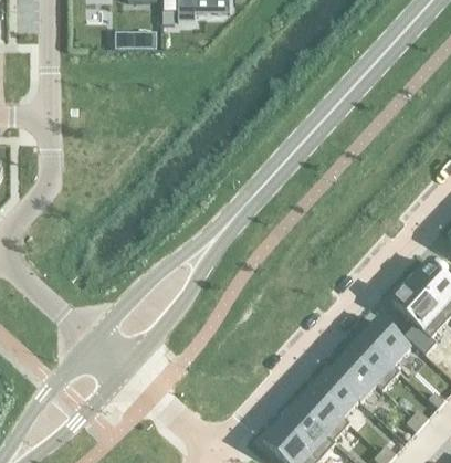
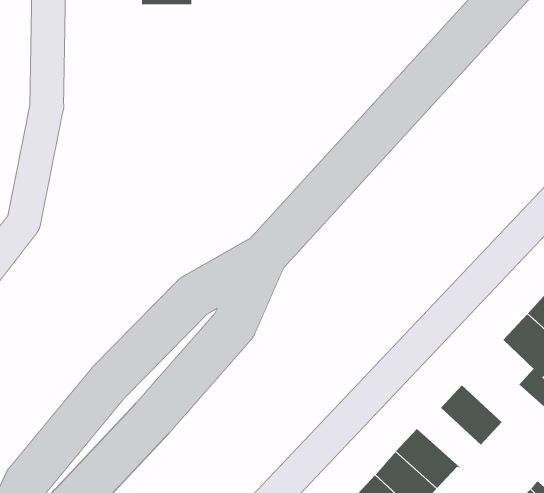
building: [360,317,408,365] -> none
building: [326,354,375,399] -> none

